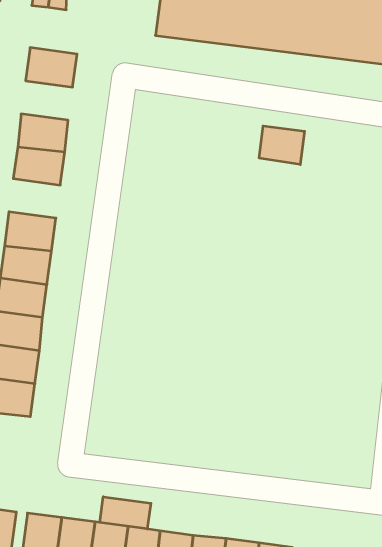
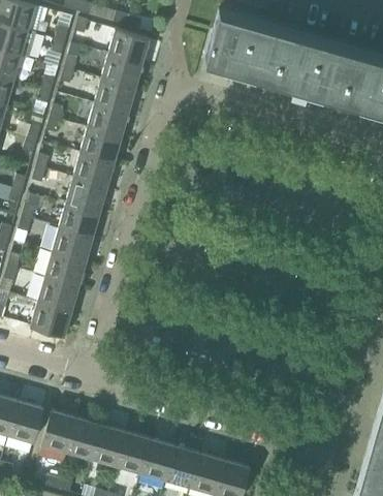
building: none -> [107,31,150,67]
building: none -> [93,82,135,117]
building: [259,126,305,165] -> none
building: none -> [72,155,115,190]
building: [100,497,151,529] -> none

